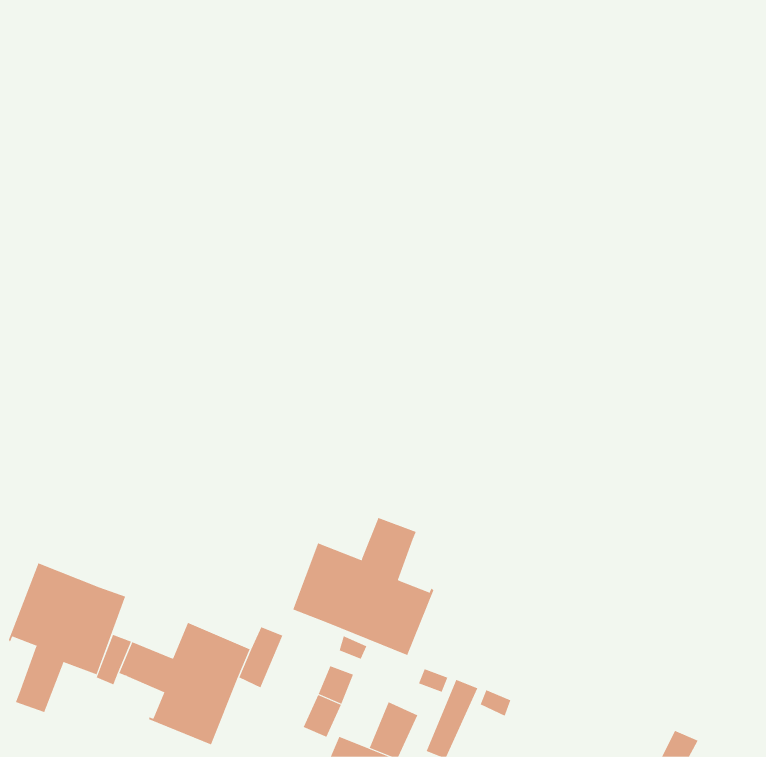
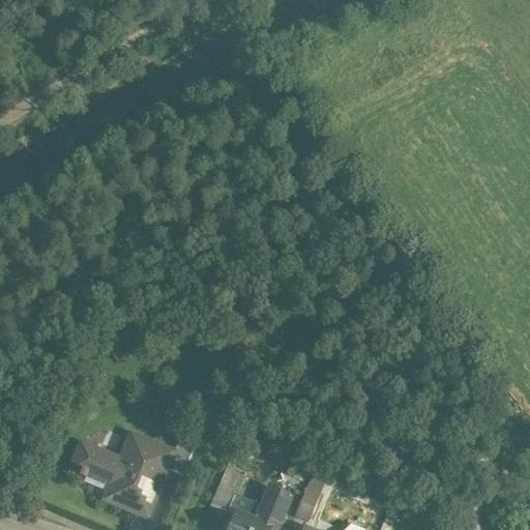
building: [293,517,434,656] -> none
building: [8,563,126,713] -> none

